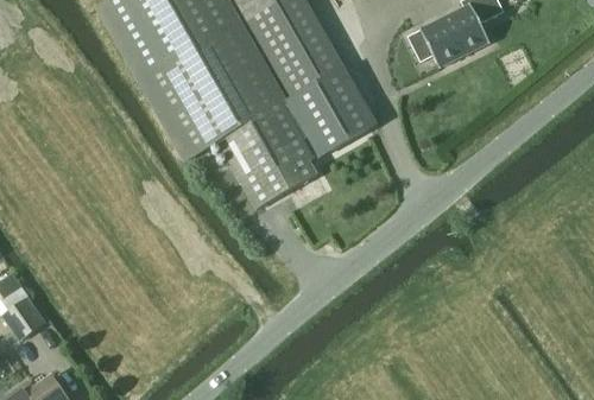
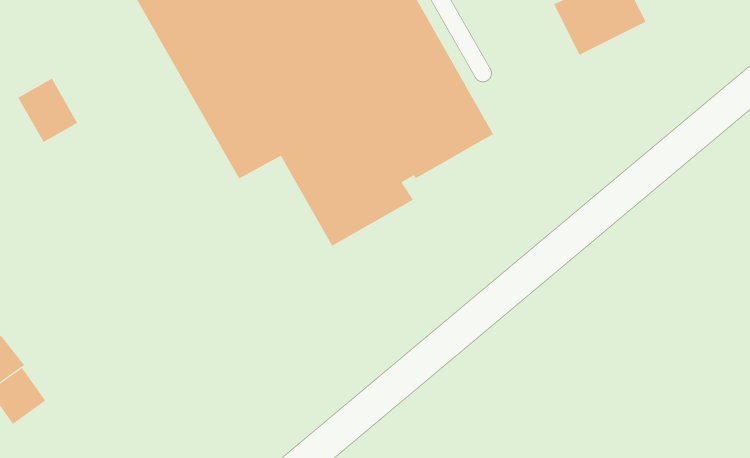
building: none -> [18,78,78,143]

